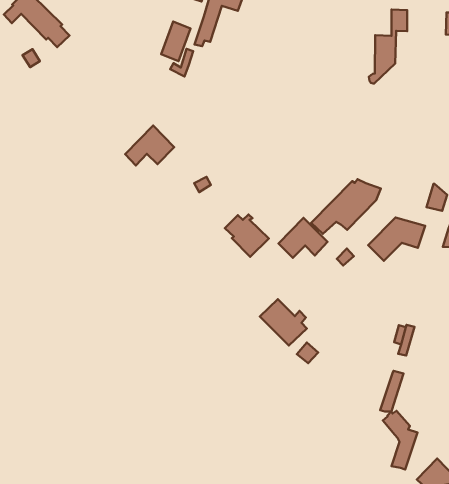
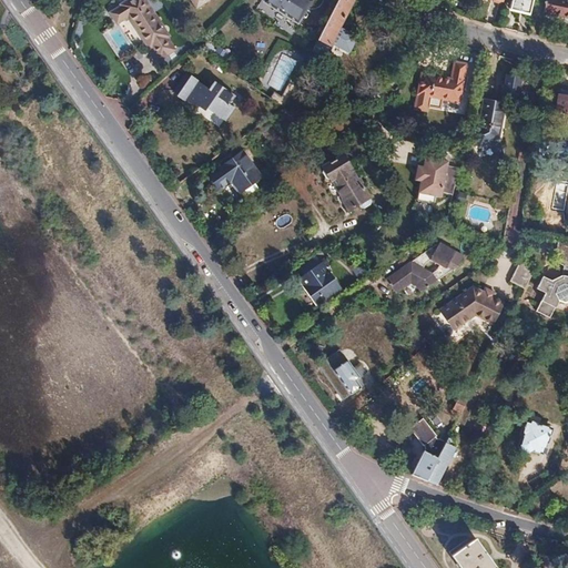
building: none -> [415,62,467,112]
building: none -> [178,75,235,121]
building: none -> [416,159,458,205]
building: none -> [323,154,369,210]
building: [278,218,327,258] -> none
building: [383,411,417,469] -> [412,419,445,480]

